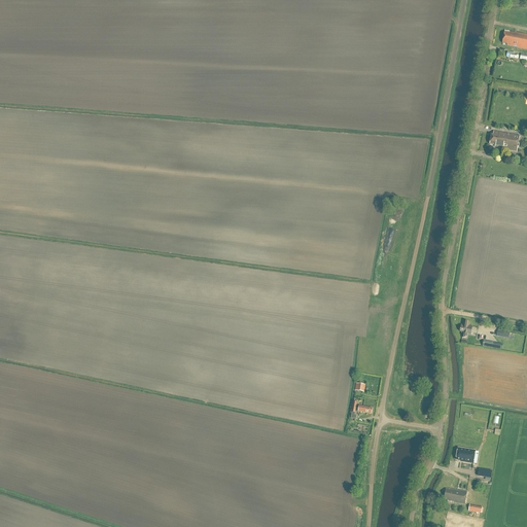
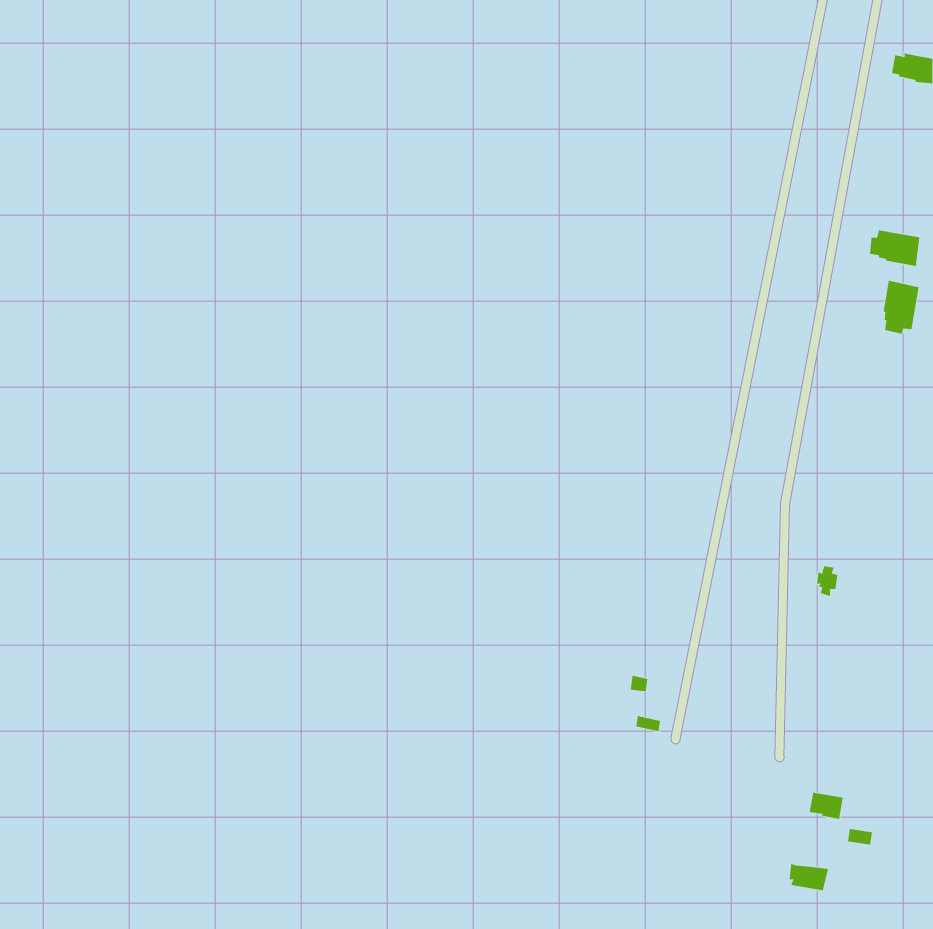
building: none -> [883,280,919,334]

